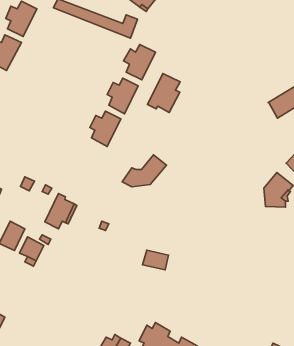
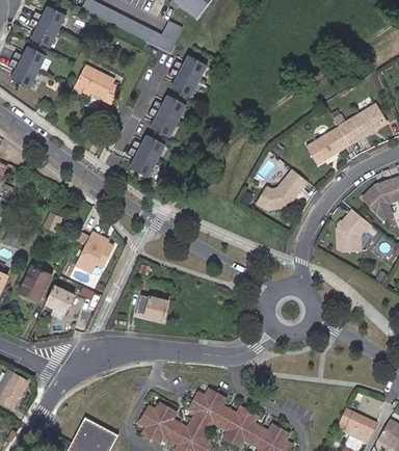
building: none -> [70,64,119,106]
building: [148,74,180,112] -> none
building: none -> [311,126,353,162]
building: [122,155,166,187] -> [256,169,309,208]
building: [143,250,169,270] -> [136,295,167,319]

